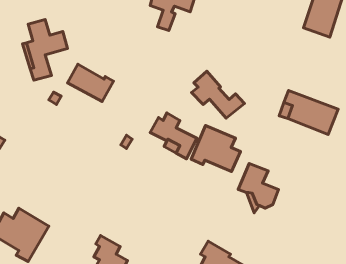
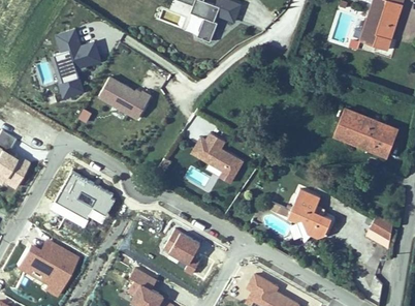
building: [191,71,244,118] -> none
building: [191,126,241,171] -> none
building: none -> [57,171,117,218]
building: none -> [368,215,392,249]
building: none -> [165,228,201,275]

